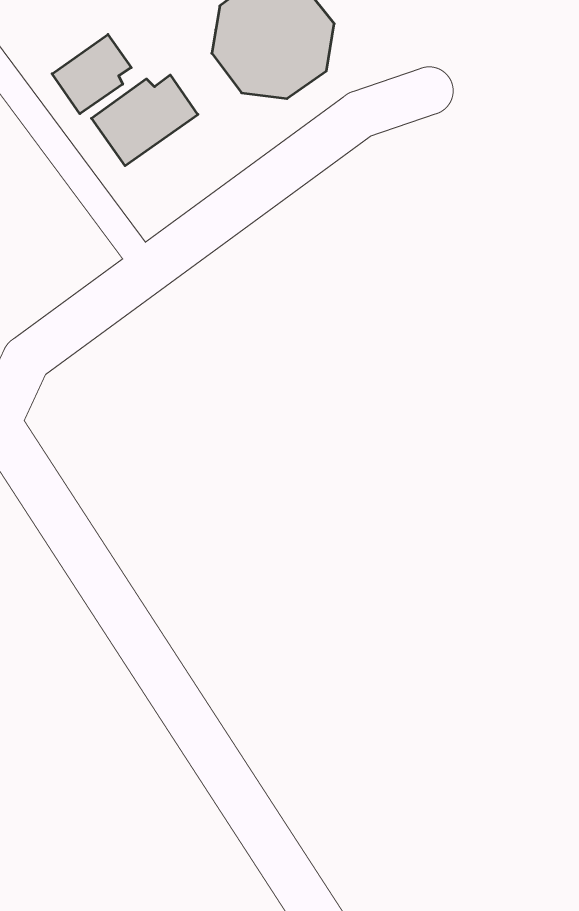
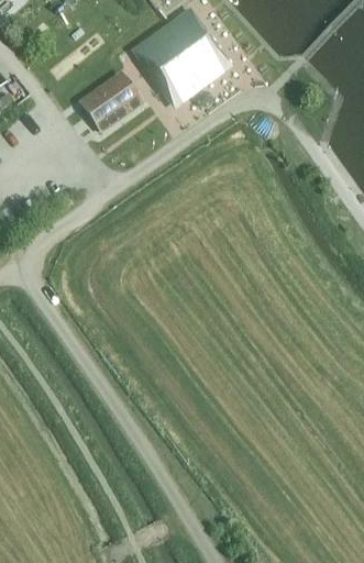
building: [52,34,131,114] -> none

